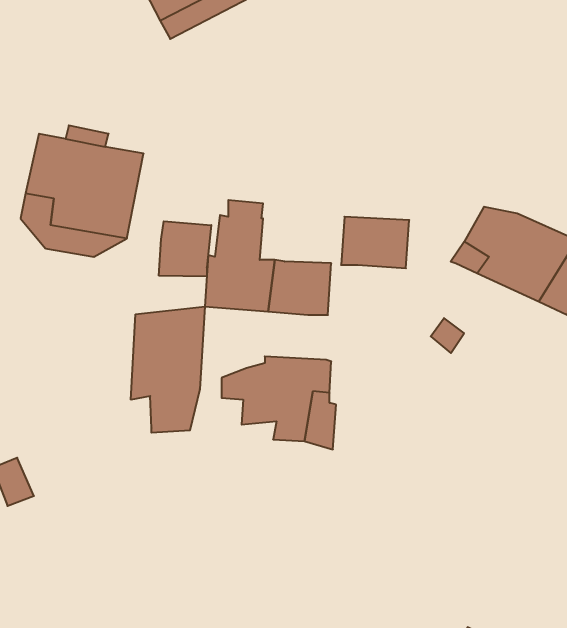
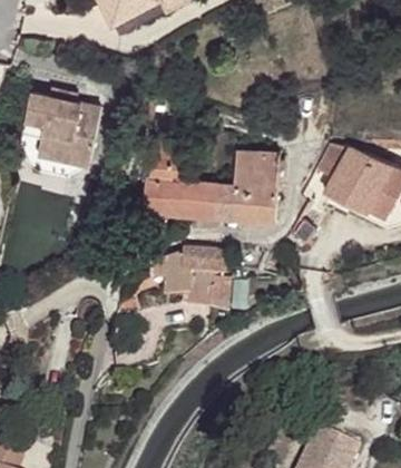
building: [159,221,211,276] -> none
building: none -> [225,182,277,221]
building: [131,307,205,433] -> none

